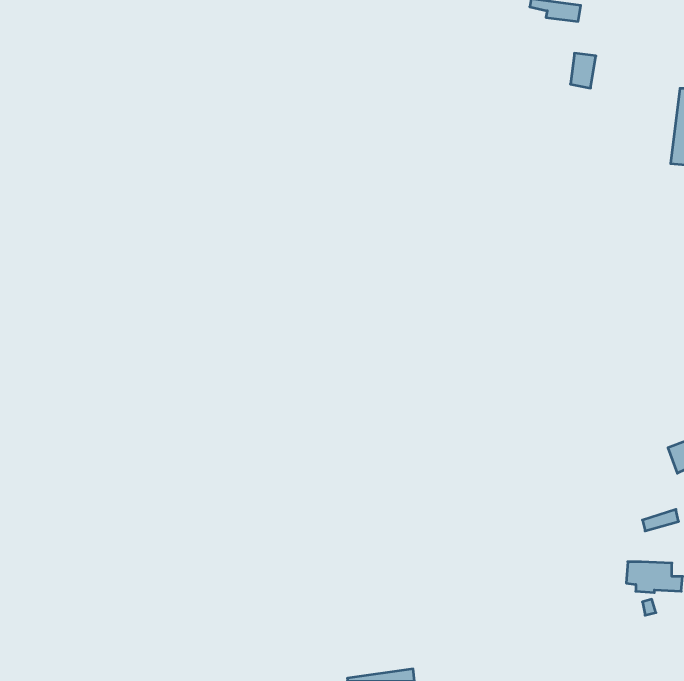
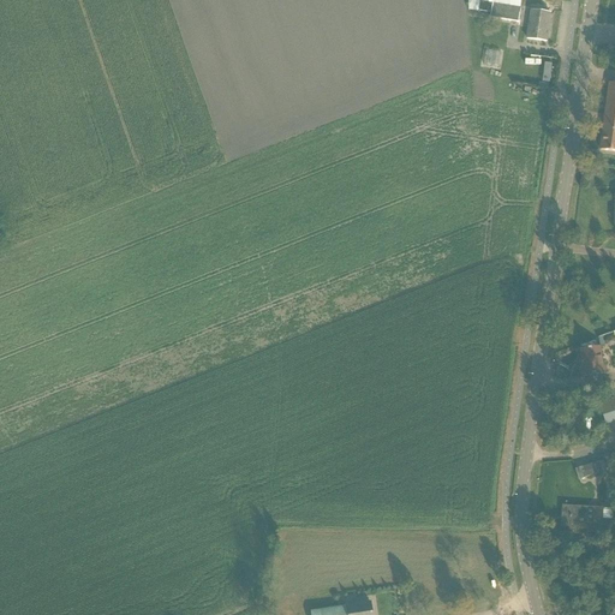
building: [570,53,596,88] -> [529,7,551,38]
building: none -> [580,344,605,374]

